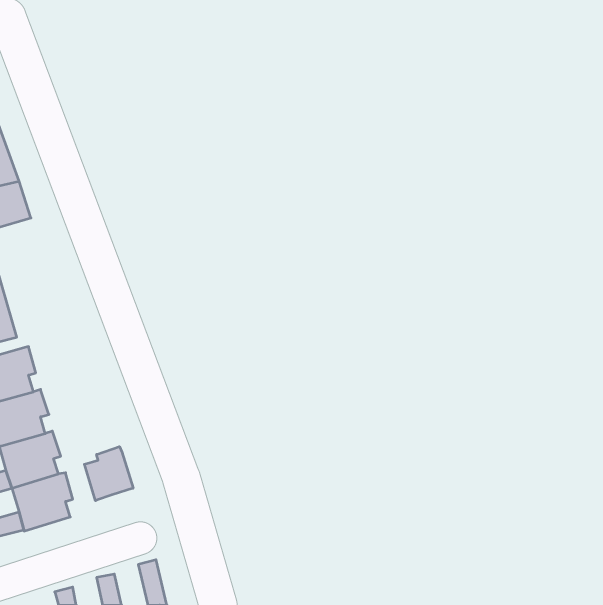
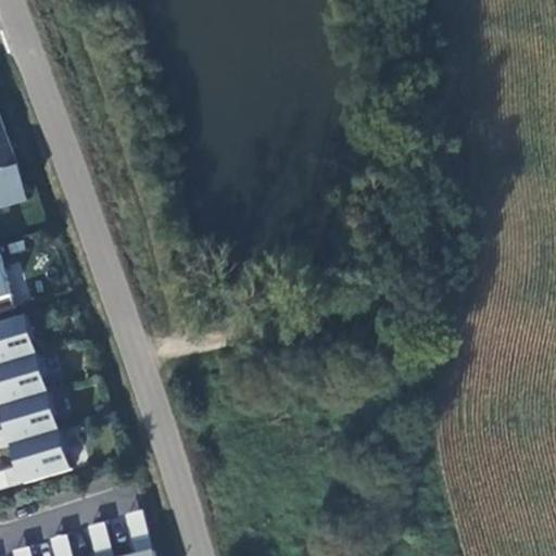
building: [84,447,133,501] -> none

